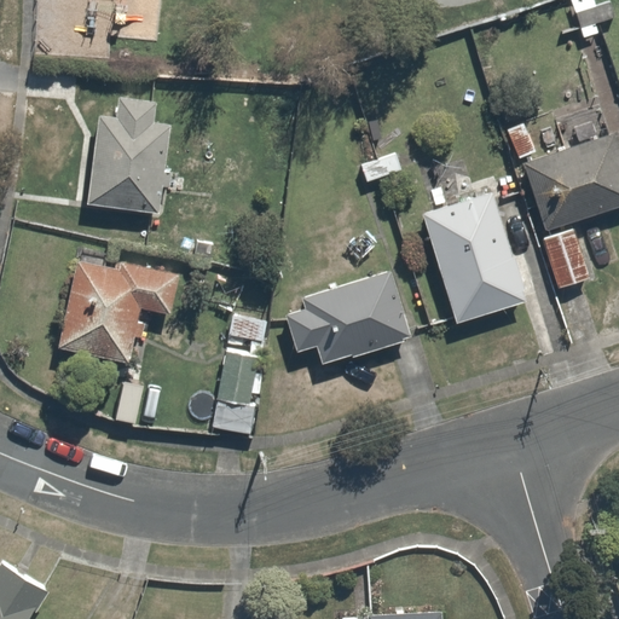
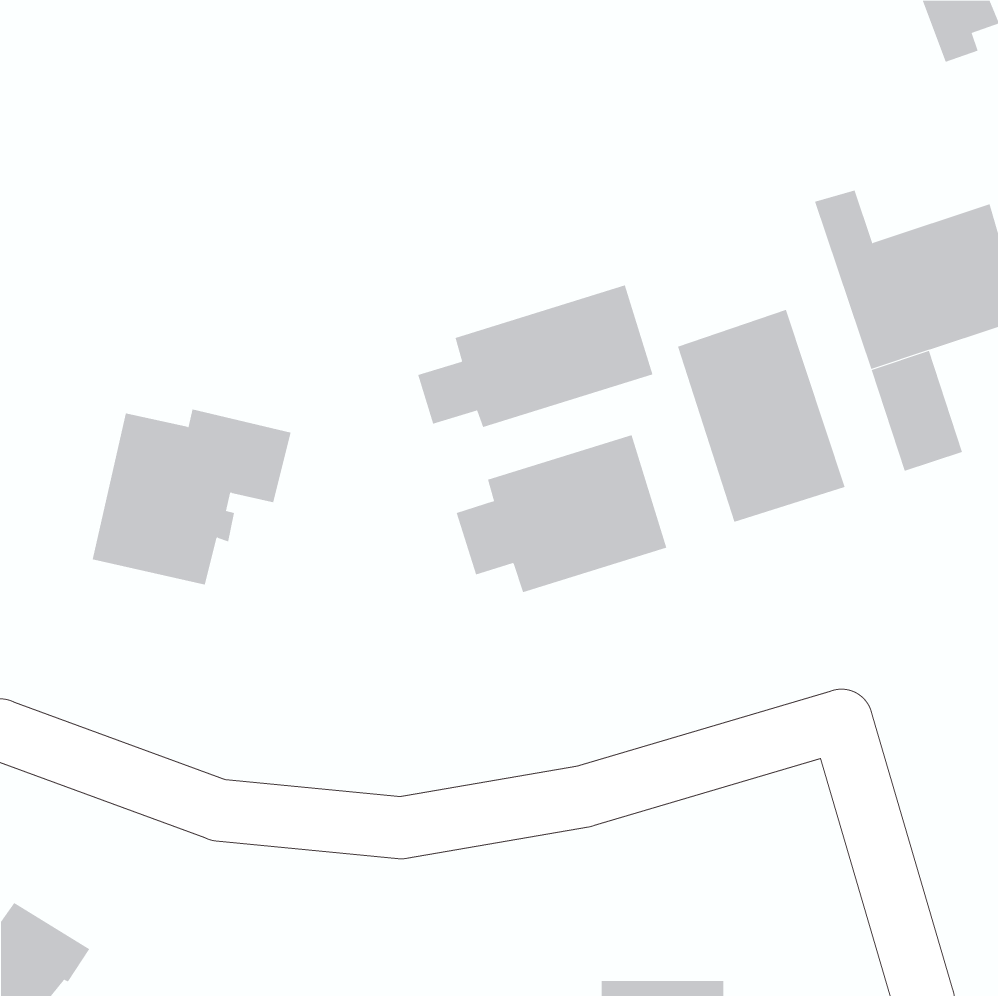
building: [89,96,169,210] -> none
building: none -> [418,284,653,428]
building: [212,351,265,434] -> none

